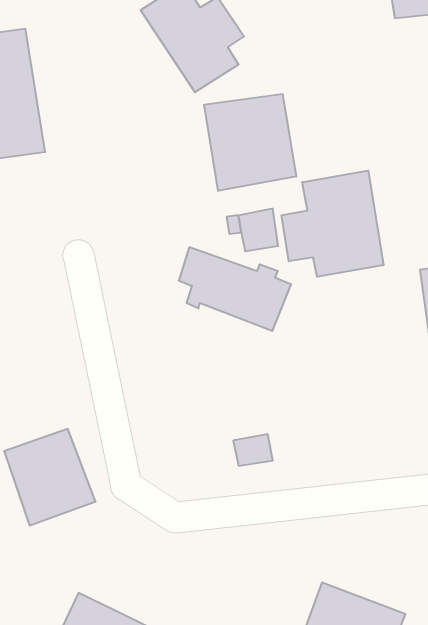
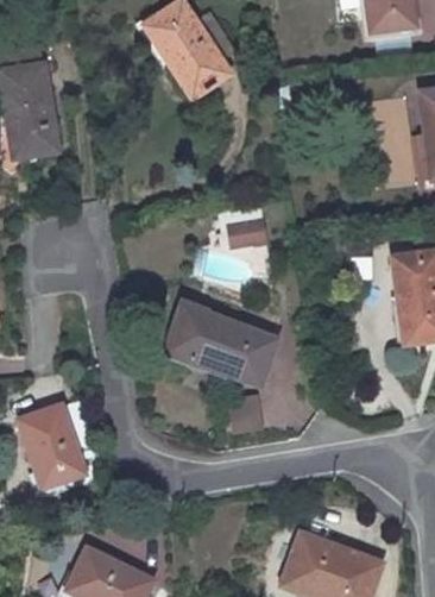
building: [204,94,296,191] -> none
building: [282,171,383,277] -> none
building: [179,247,291,331] -> [174,309,275,384]

